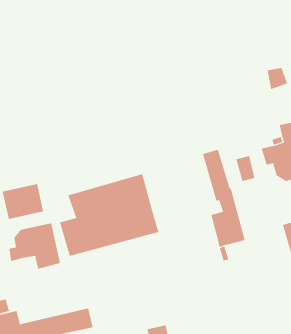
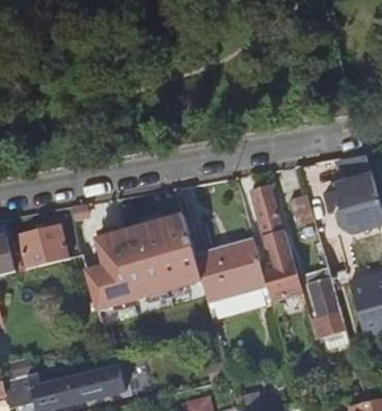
building: none -> [194,240,269,318]
building: none -> [303,267,344,337]
building: [9,223,61,270] -> none

